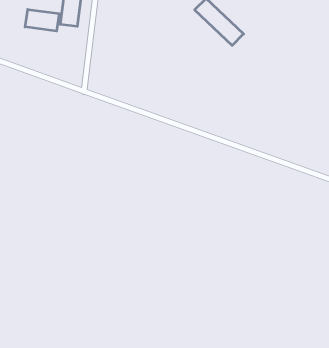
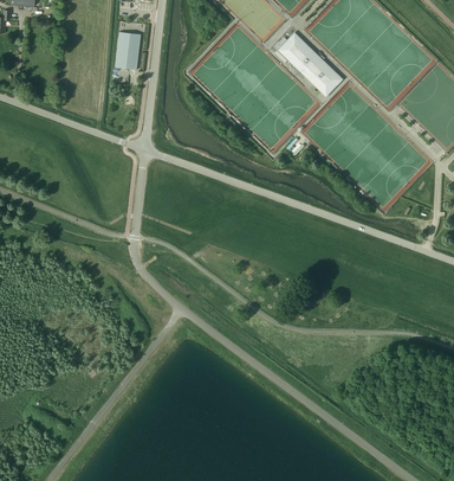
building: [25,9,59,31] -> none

